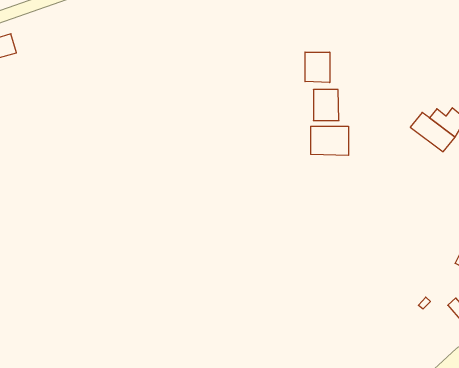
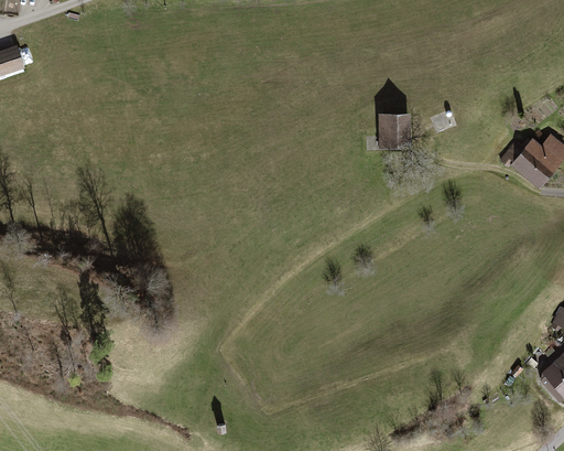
building: [305,52,330,83] -> none
building: [311,126,348,155] -> none

